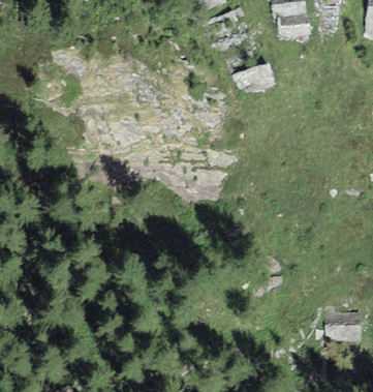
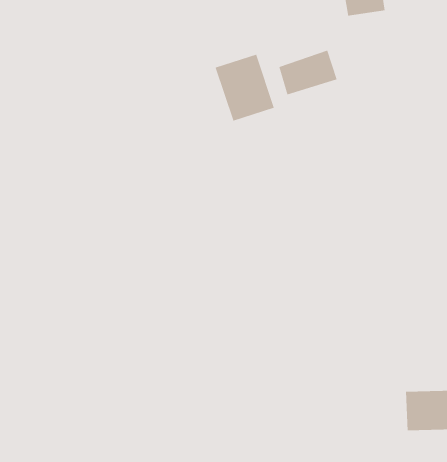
building: none -> [215,54,275,122]

